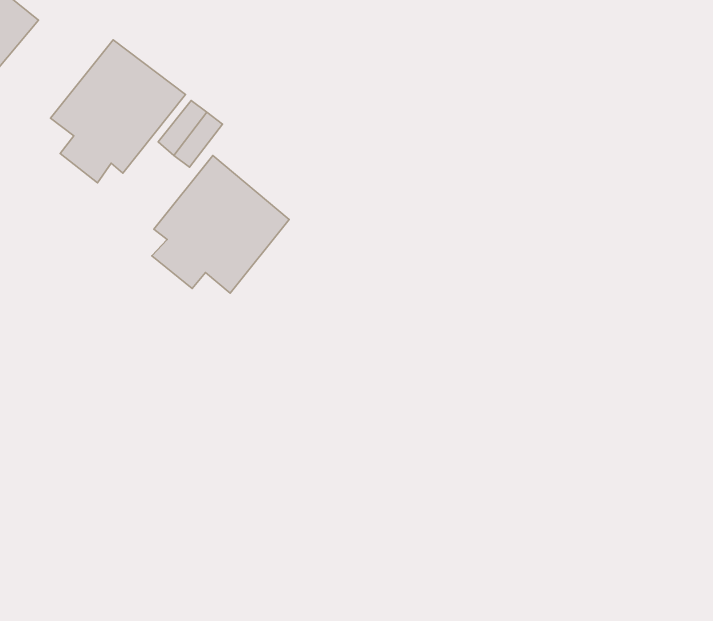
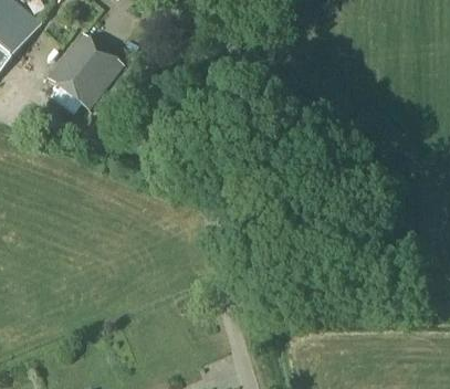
building: [152,156,289,293] -> none

